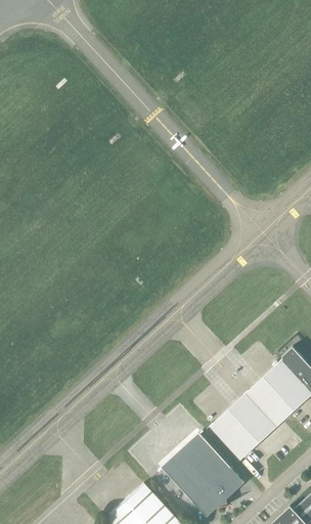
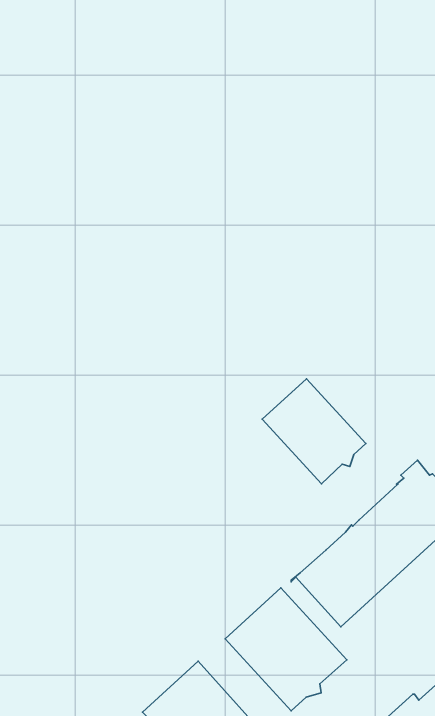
building: none -> [262,379,366,484]

